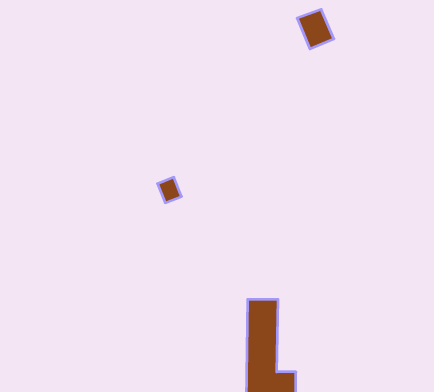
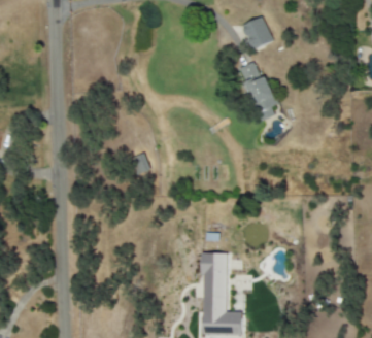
building: none -> [238,63,279,122]

